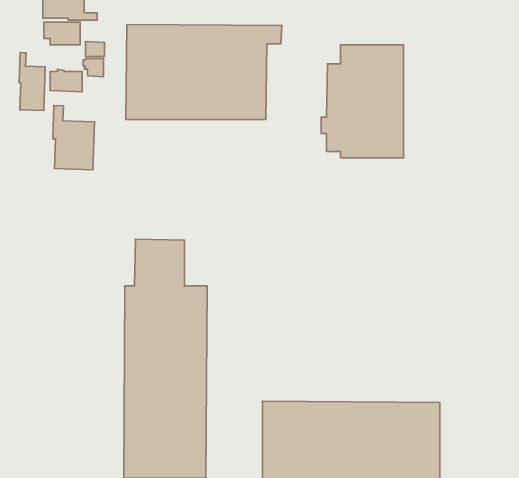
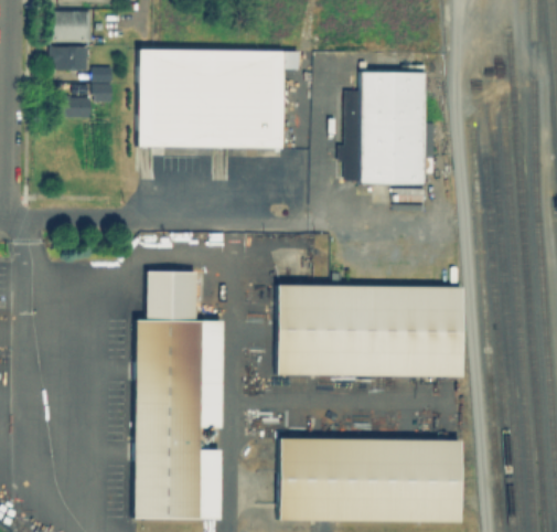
building: [19,53,45,111] -> none
building: [53,106,94,170] -> none
building: none -> [277,286,464,375]

